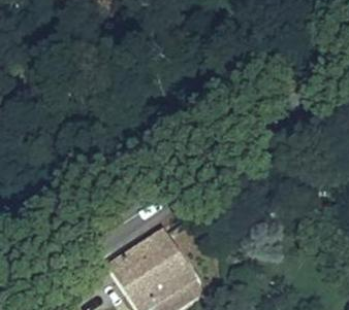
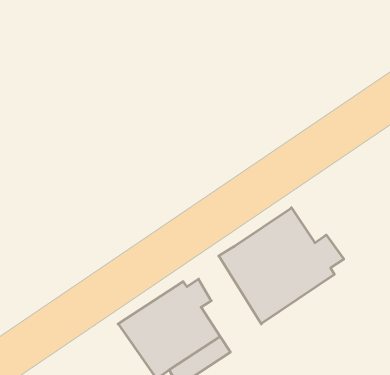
building: none -> [219,208,344,324]

